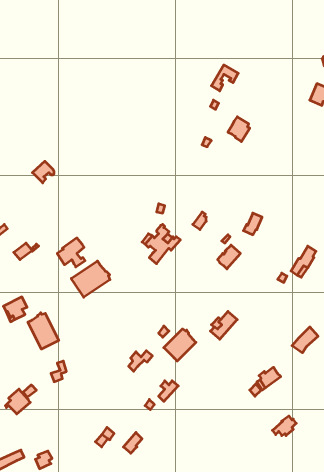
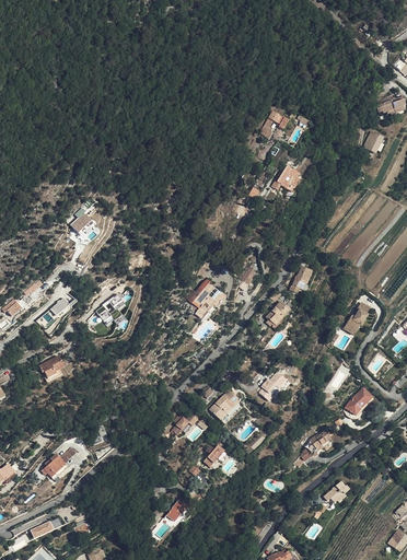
building: [71,261,110,297] -> none
building: [28,313,59,349] -> none

